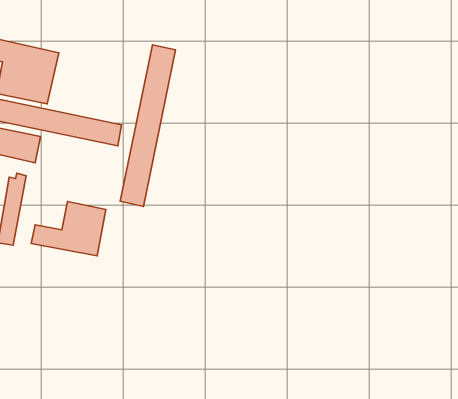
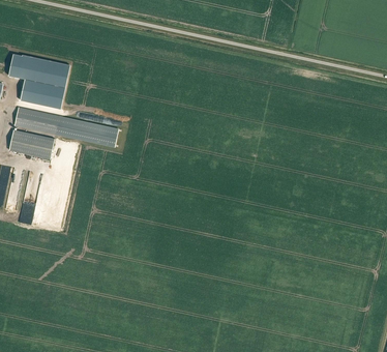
building: [120,45,176,207] -> none
building: [31,201,106,256] -> none

